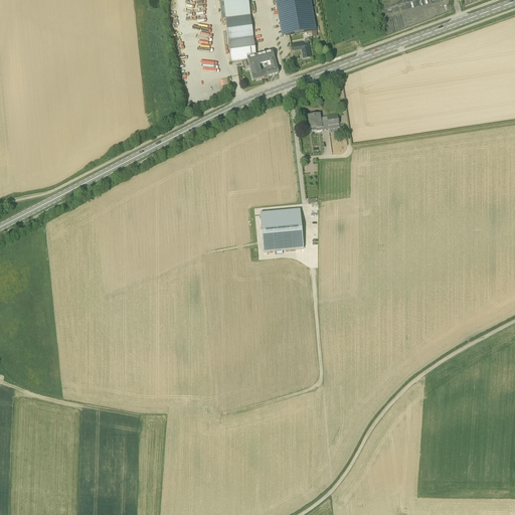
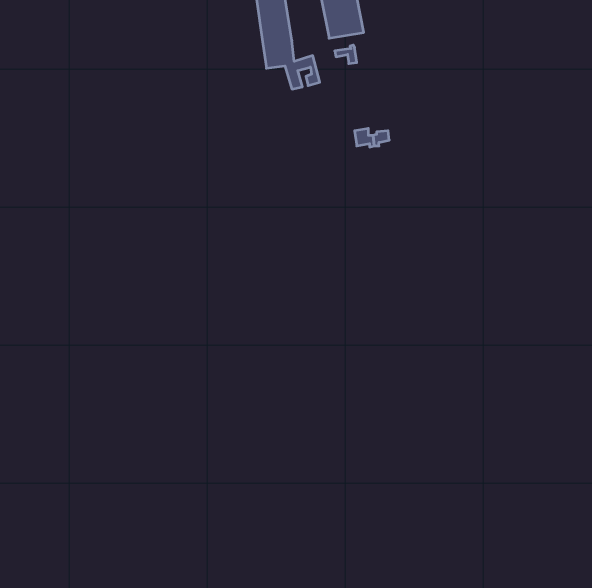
building: [261,208,304,249] -> none

